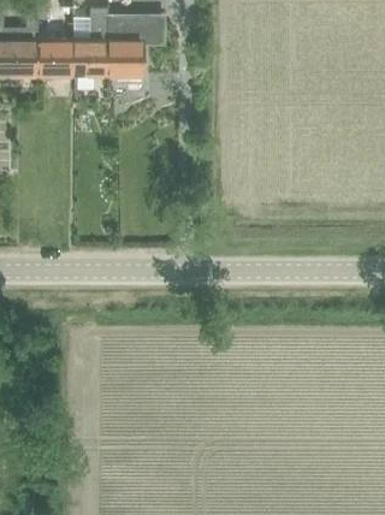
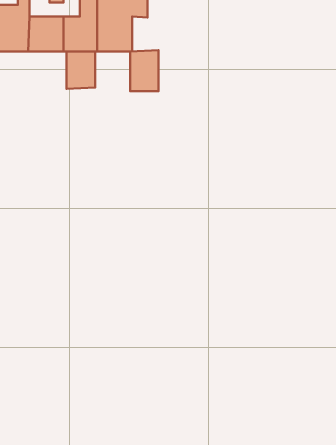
building: none -> [130,50,158,91]
building: none -> [66,51,95,89]

